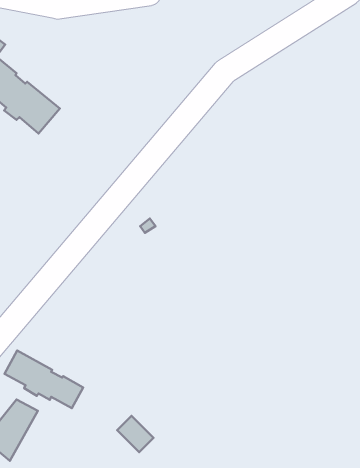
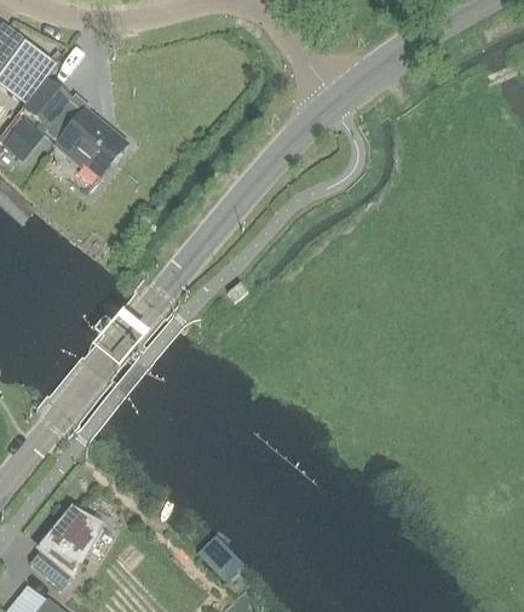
building: [5,350,83,408] -> none

